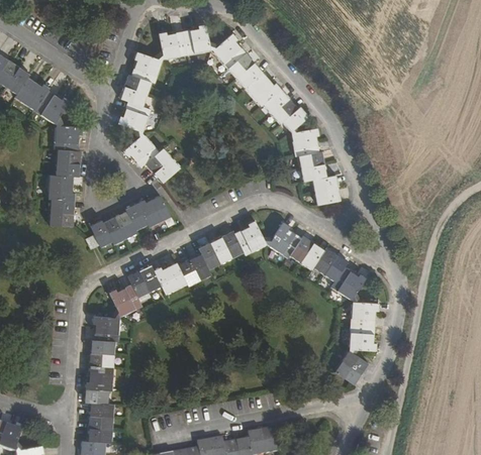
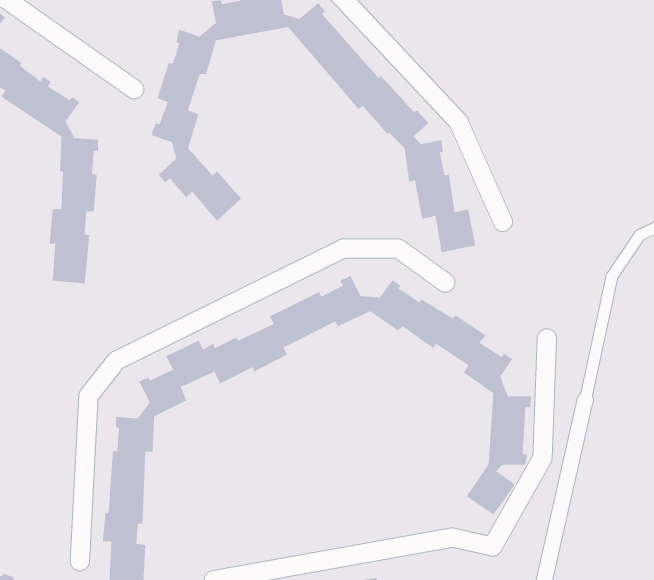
building: [90,196,172,247] -> none

